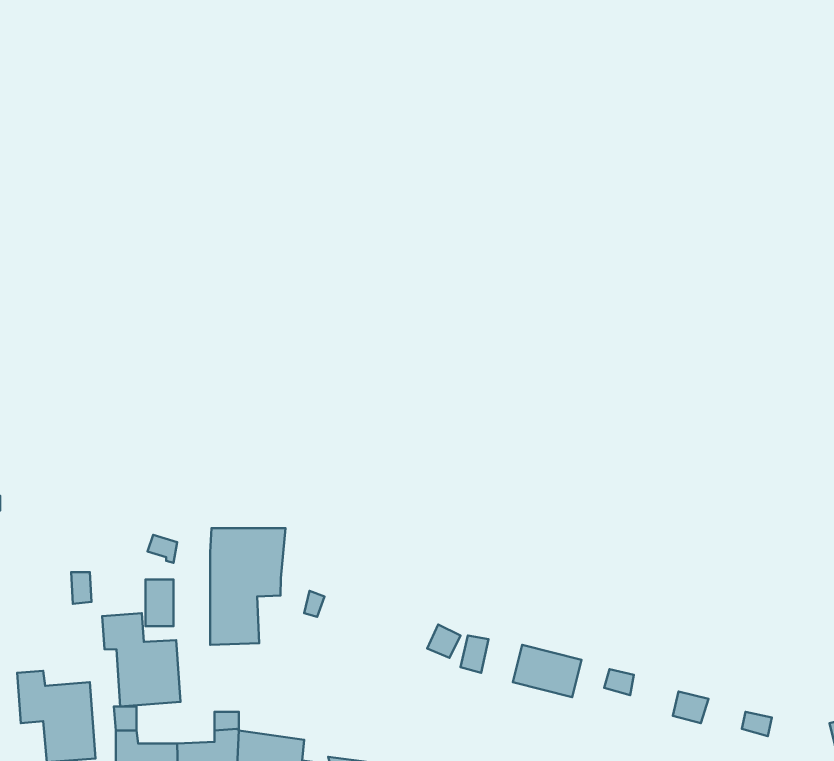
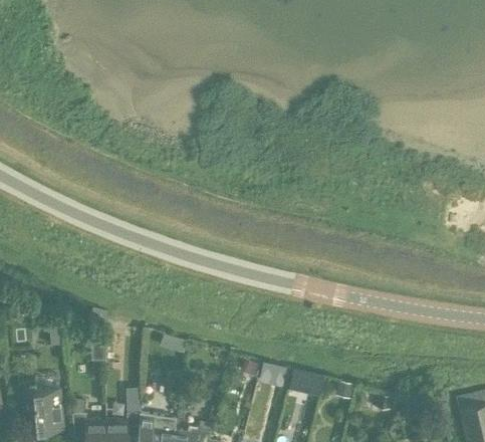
building: [210,528,285,645] -> none
building: [102,613,181,706] -> none

